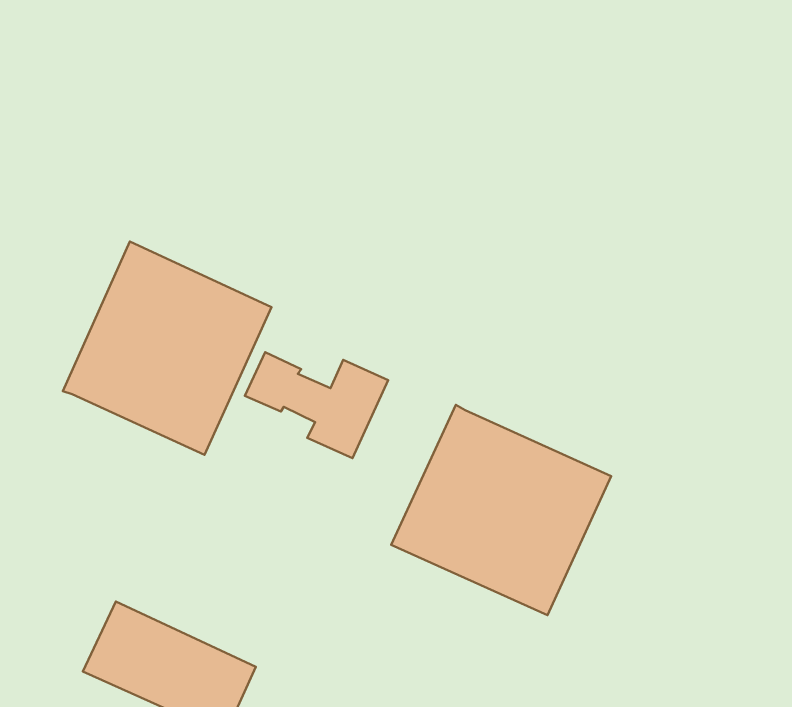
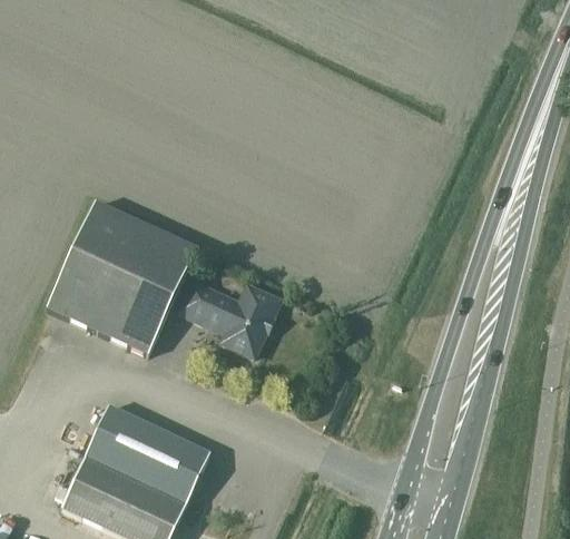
building: [391,405,611,615] -> none
building: none -> [85,405,209,504]

